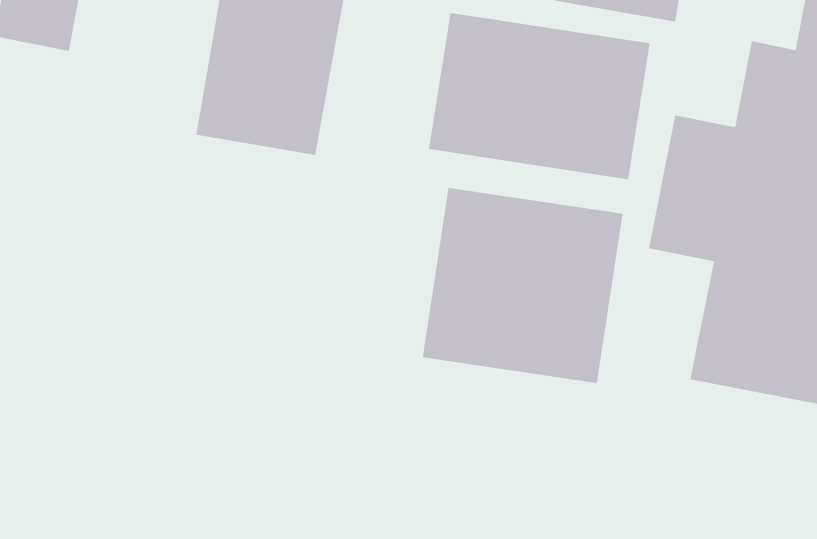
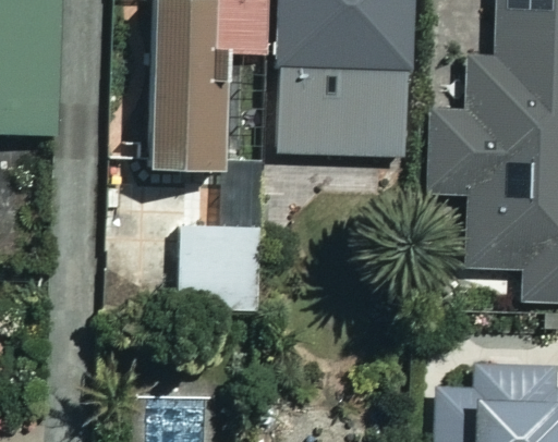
building: [422,187,623,384] -> none
building: none -> [182,224,265,309]

